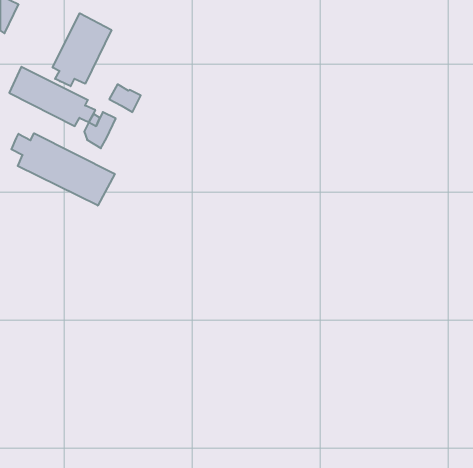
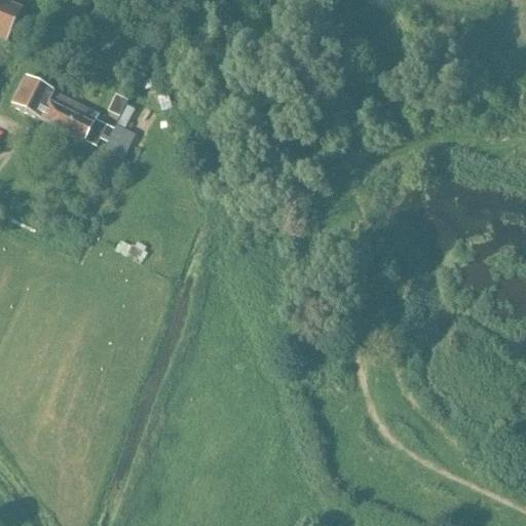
building: [53,13,111,86] -> none
building: [11,133,115,206] -> none

